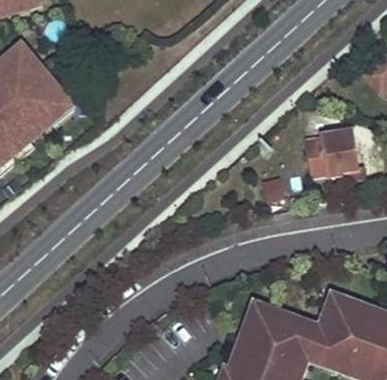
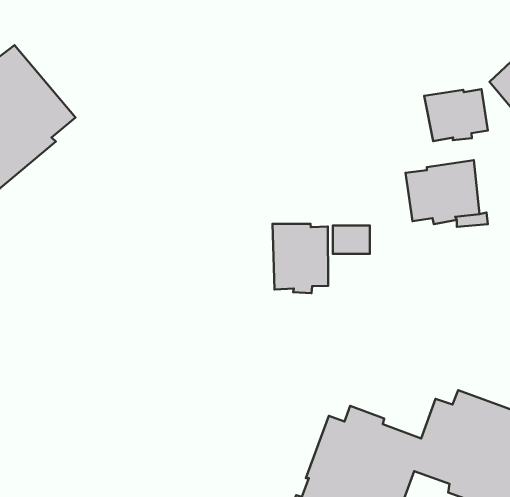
building: none -> [424,89,488,141]
building: none -> [273,224,328,293]

